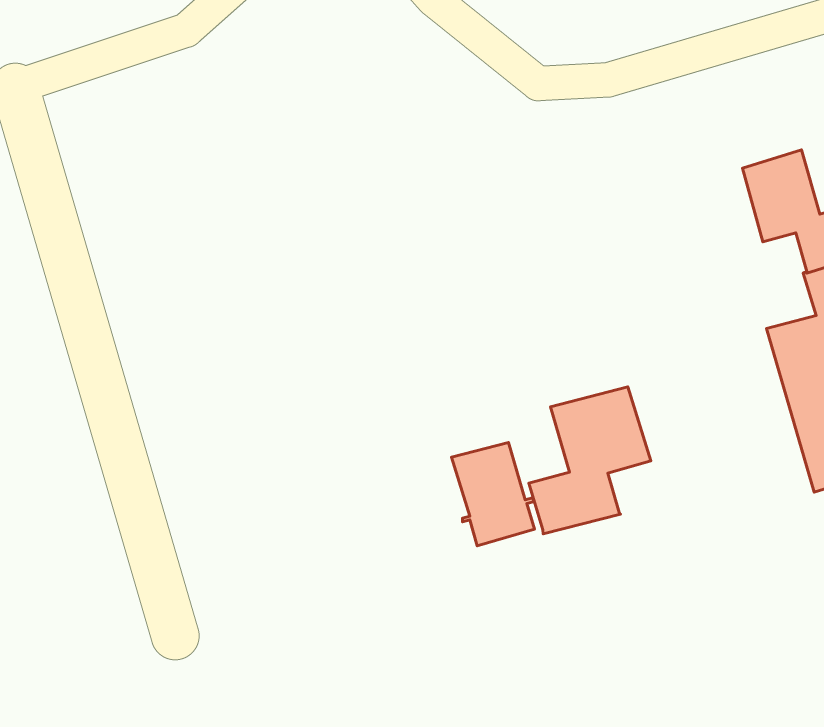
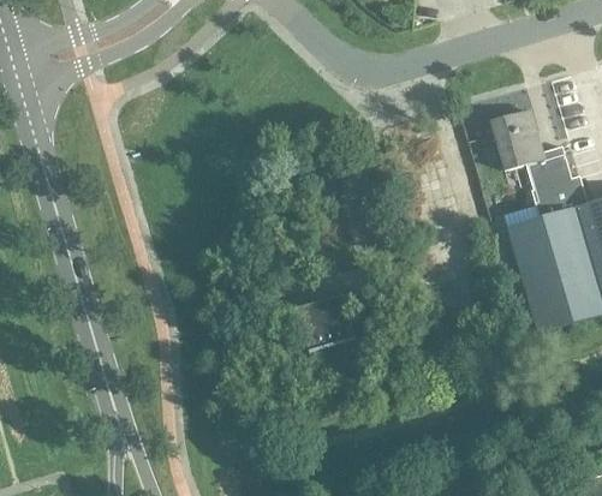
building: [529,387,651,534] -> none

